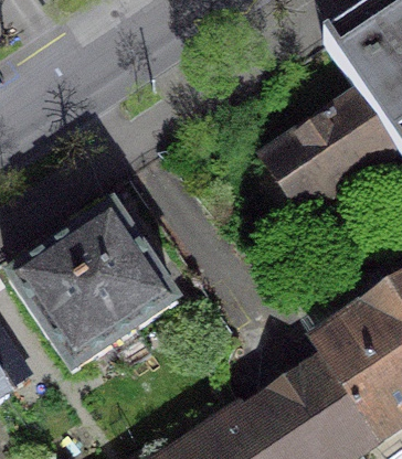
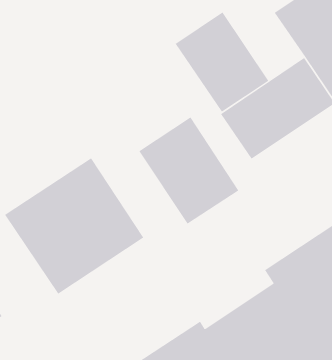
building: none -> [175,11,269,112]
building: none -> [138,117,239,224]

